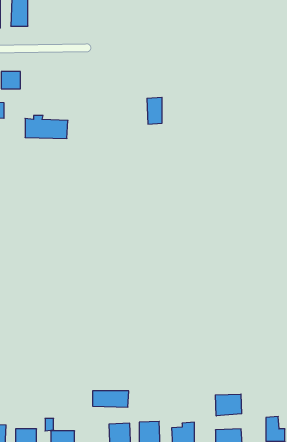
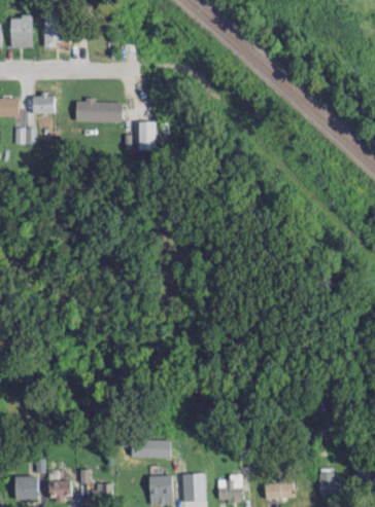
building: [147,97,162,124] -> [138,121,155,150]
building: [25,116,68,138] -> [75,98,122,122]
building: [215,394,242,416] -> none

